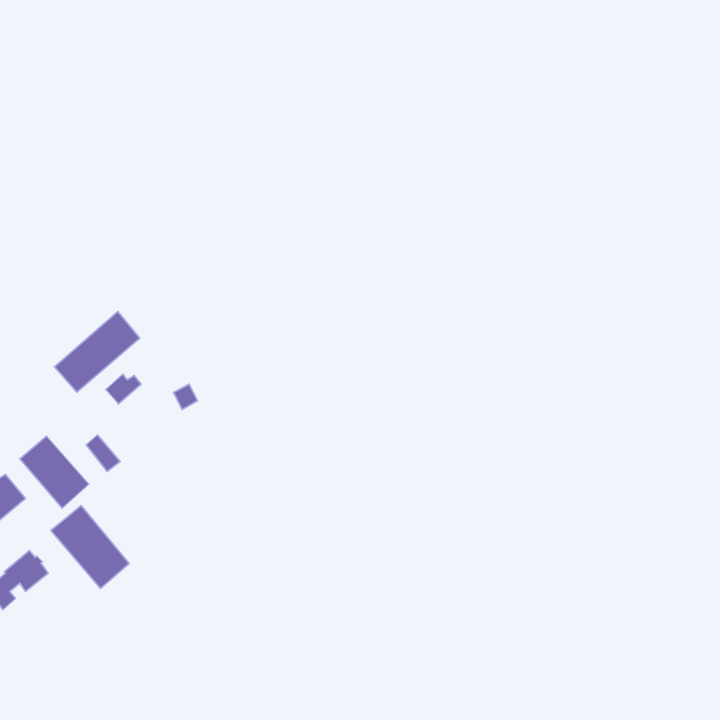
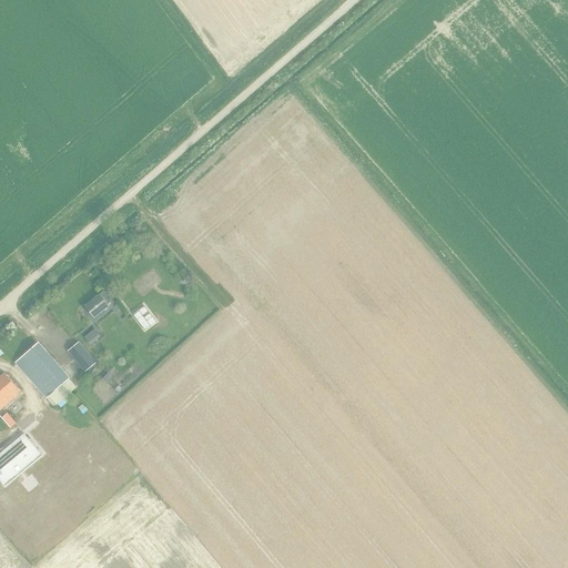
building: [54,312,140,392] -> none
building: [51,506,129,588] -> none

